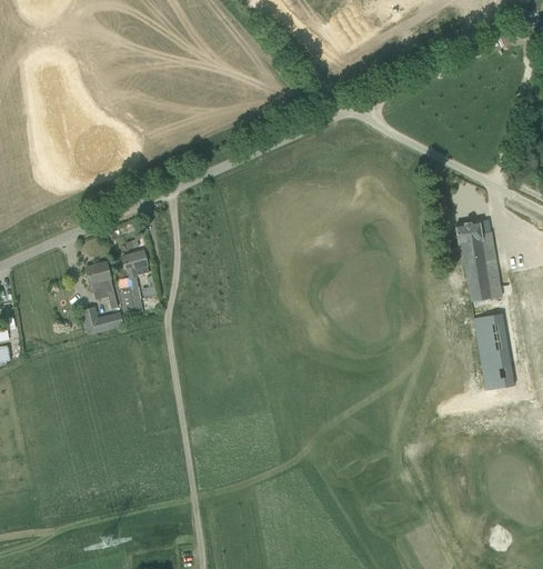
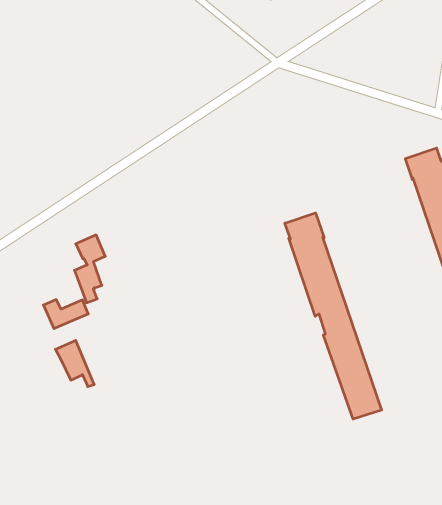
building: [86,256,118,302] -> [55,340,94,387]
building: none -> [285,213,382,419]

